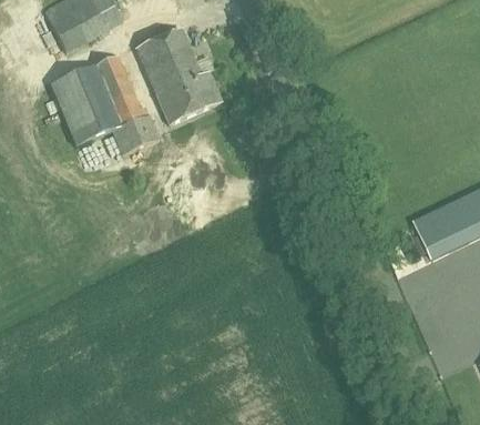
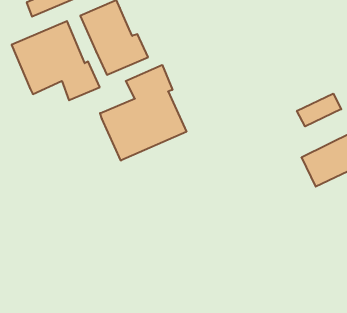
building: none -> [100,65,186,161]
building: none -> [297,94,341,126]

